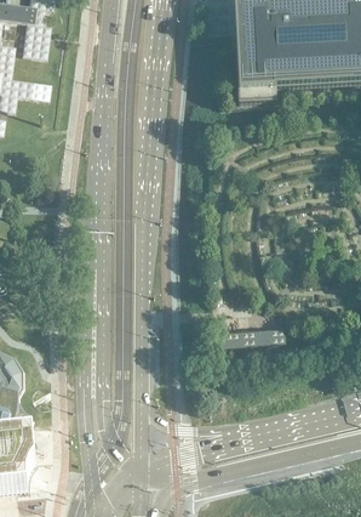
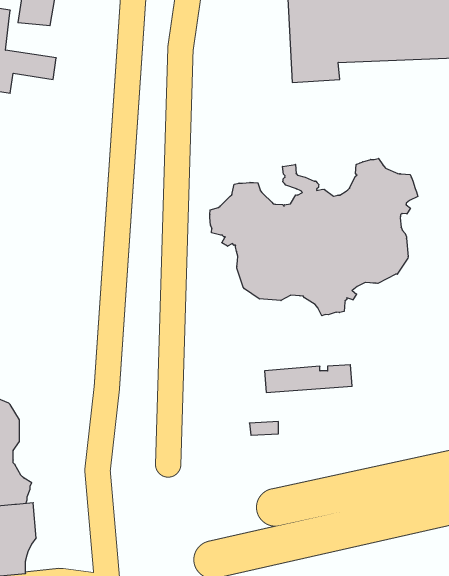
building: none -> [210,158,418,316]

